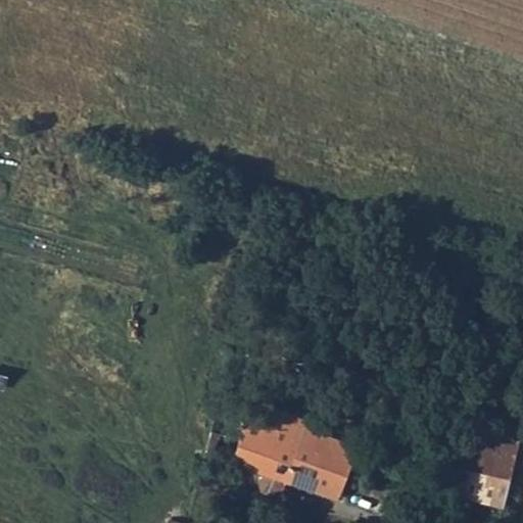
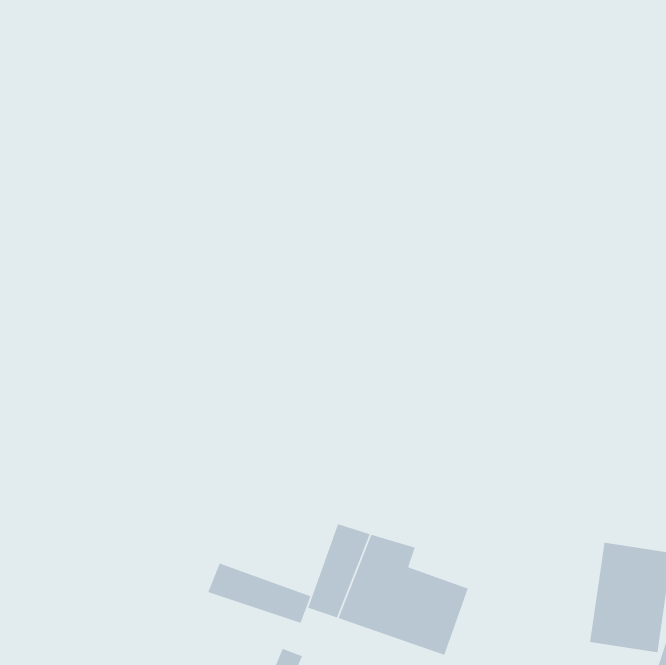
building: none -> [207,562,312,624]

